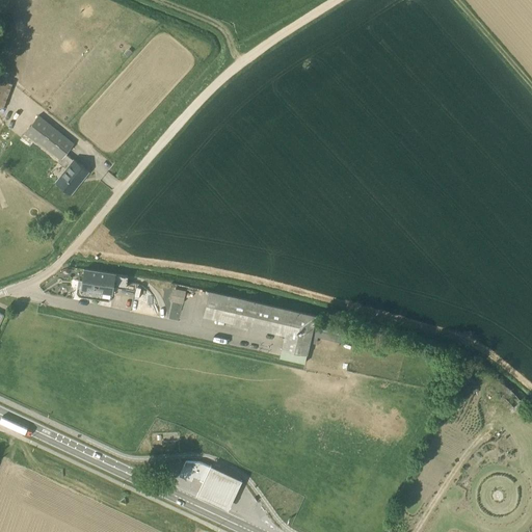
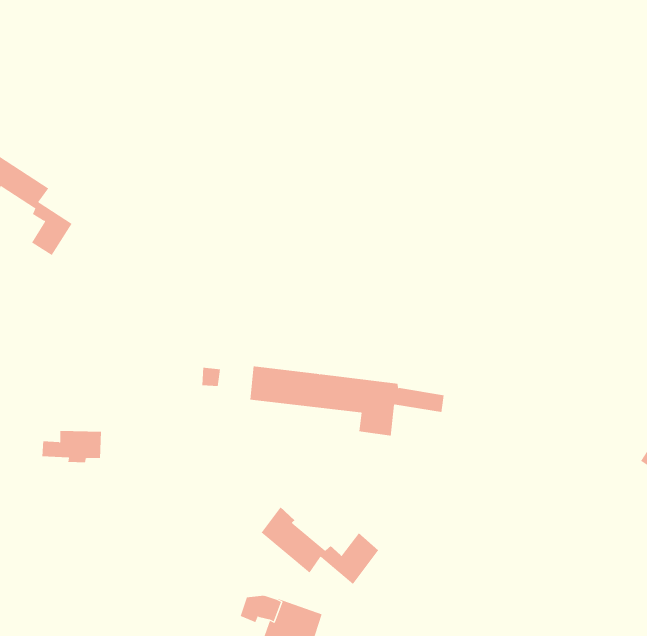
building: [68,270,114,296] -> [41,431,102,463]
building: none -> [261,506,379,585]

